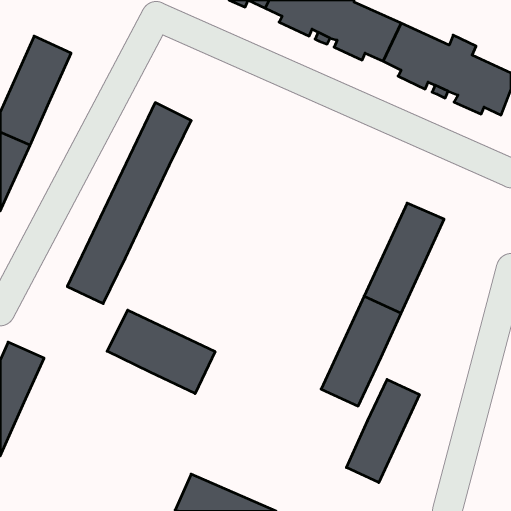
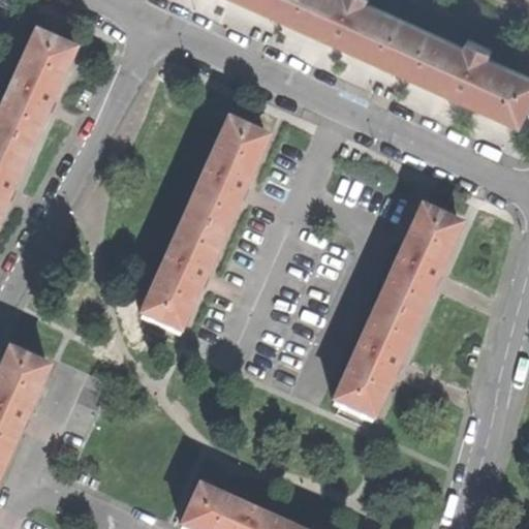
building: [67,103,191,304] -> [139,123,268,331]
building: [107,310,215,394] -> none
building: [346,379,419,483] -> none

